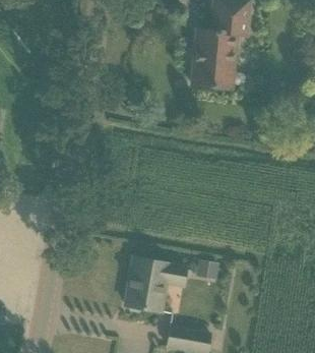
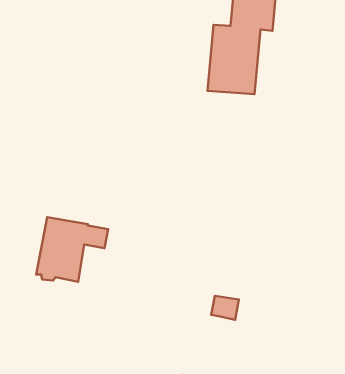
building: [124,256,185,311] -> [36,217,108,282]

